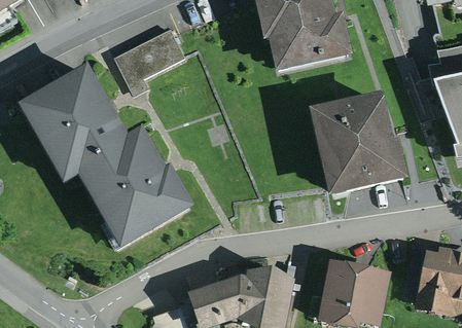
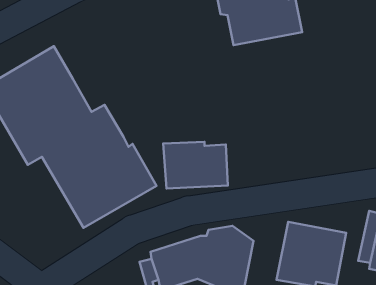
building: [114,24,185,89] -> none
building: [308,95,410,202] -> none
building: none -> [163,142,228,189]

